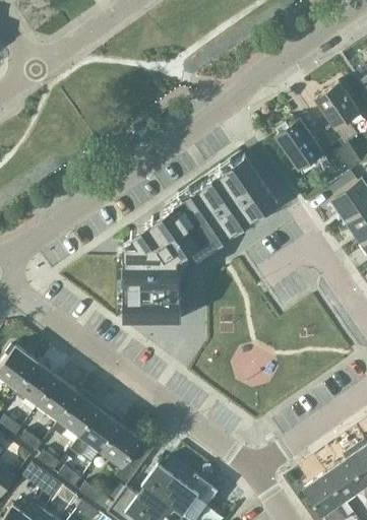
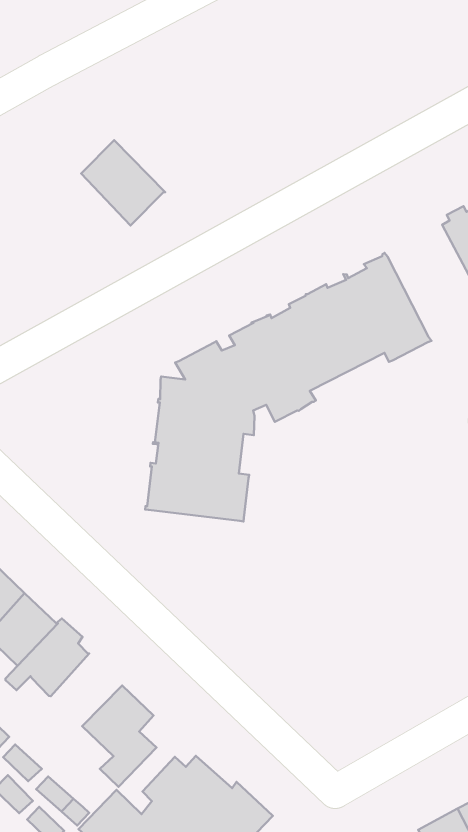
building: none -> [81,140,165,226]
building: [71,406,122,457] -> none

